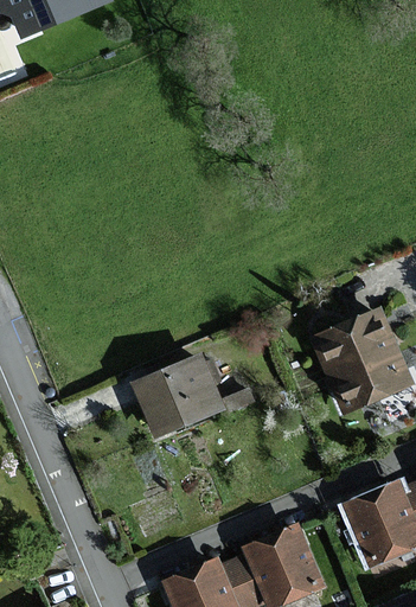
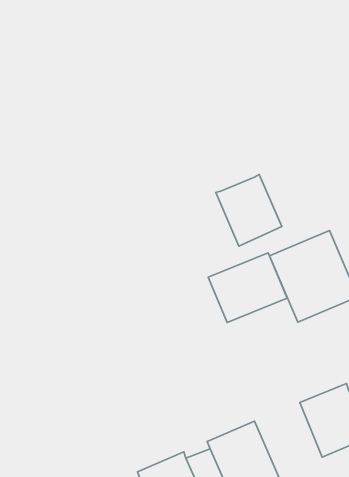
building: none -> [216,175,282,246]
building: [135,356,224,434] -> [208,253,287,323]

